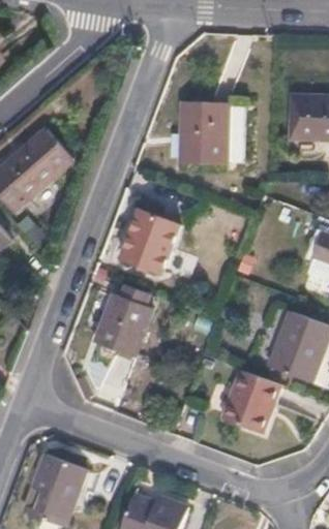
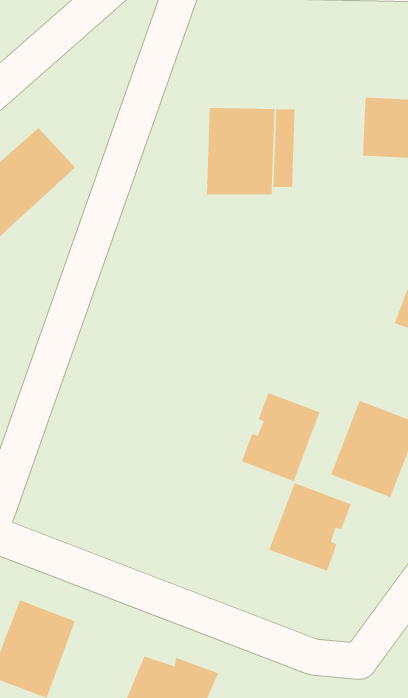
building: [121,210,179,272] -> none
building: [94,293,152,356] -> none
building: none -> [241,392,320,482]

